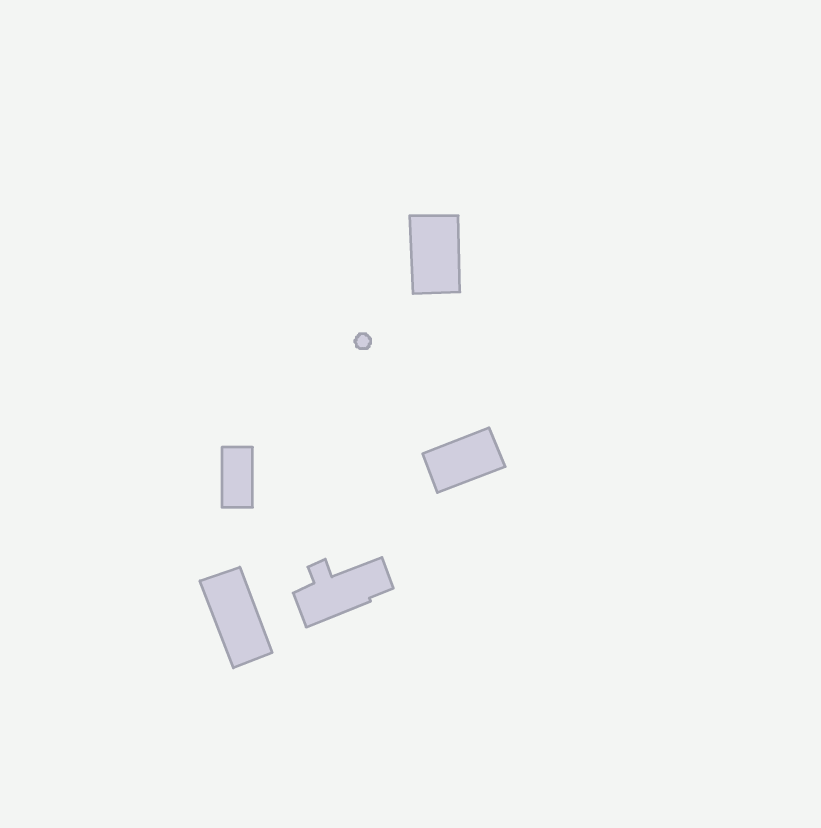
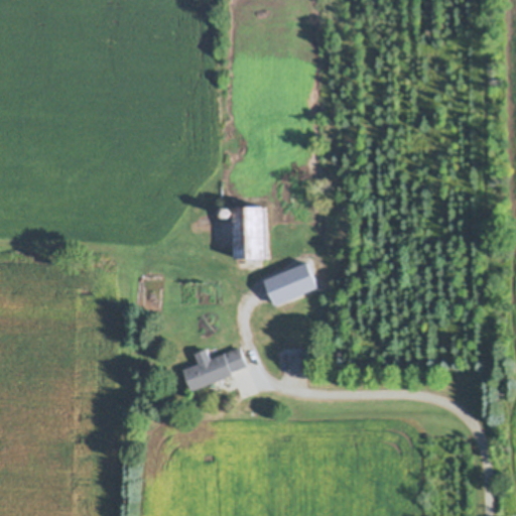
building: [410,216,460,294] -> [237,211,268,259]
building: [200,567,272,668] -> none

